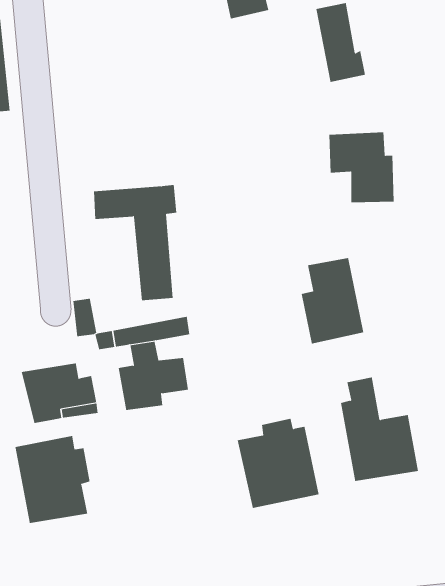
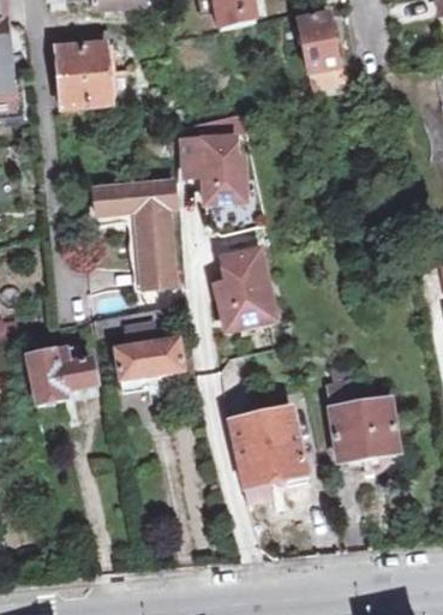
building: none -> [52,29,114,108]
building: [329,132,394,203] -> [185,133,246,199]
building: [301,258,364,344] -> [215,246,274,327]
building: [15,435,90,524] -> none

